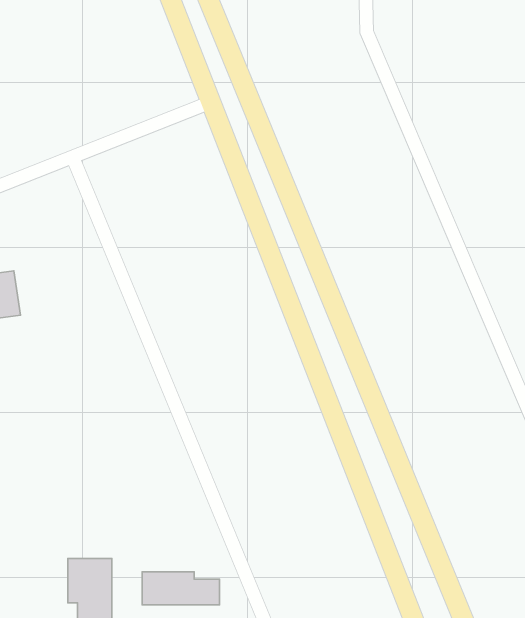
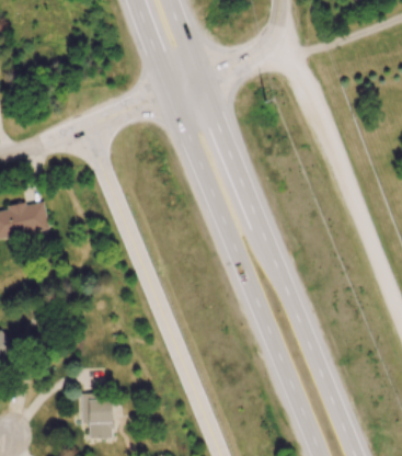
building: [142,572,219,605] -> none

